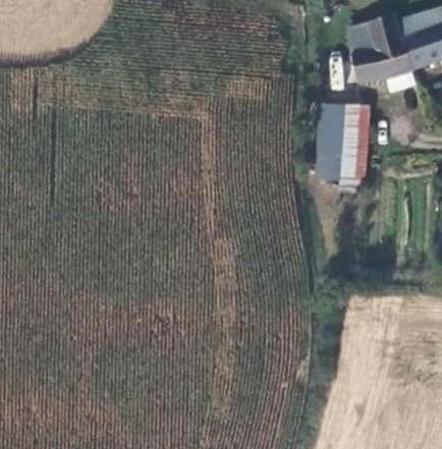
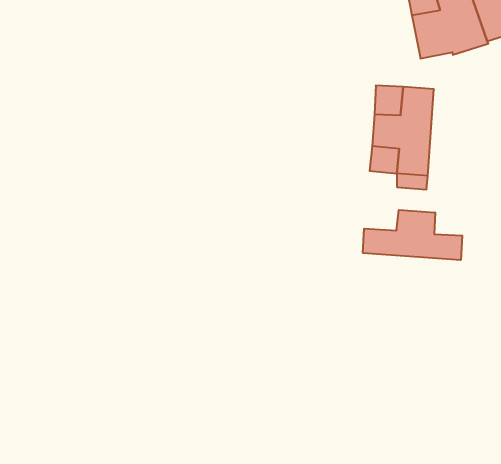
building: none -> [363,210,462,260]

